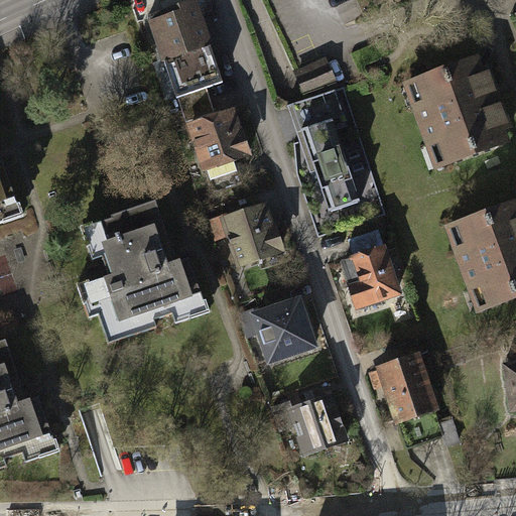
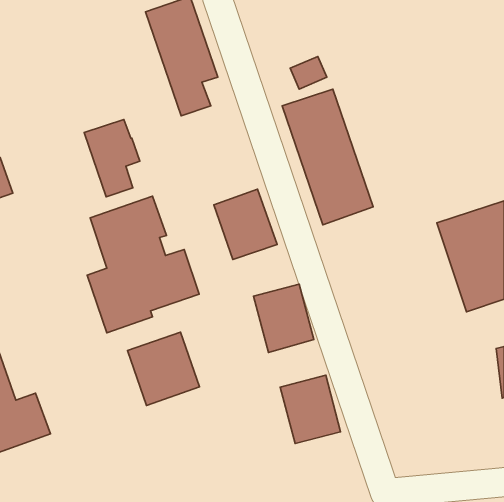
building: [401,59,500,172] -> none
building: [191,109,248,187] -> [84,119,140,197]
building: [339,241,400,309] -> none
building: none -> [127,332,199,405]
building: [376,344,437,413] -> none

